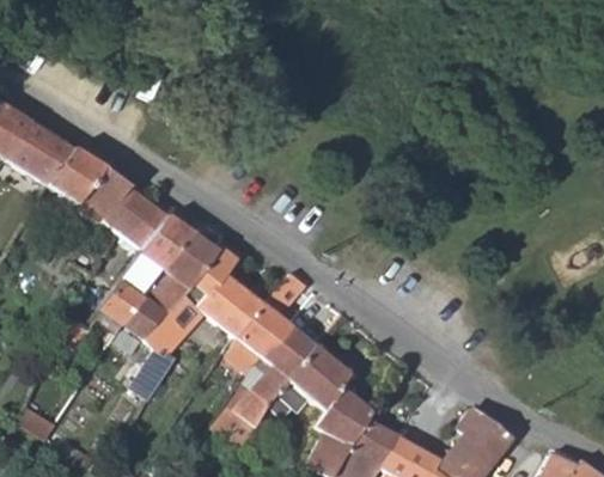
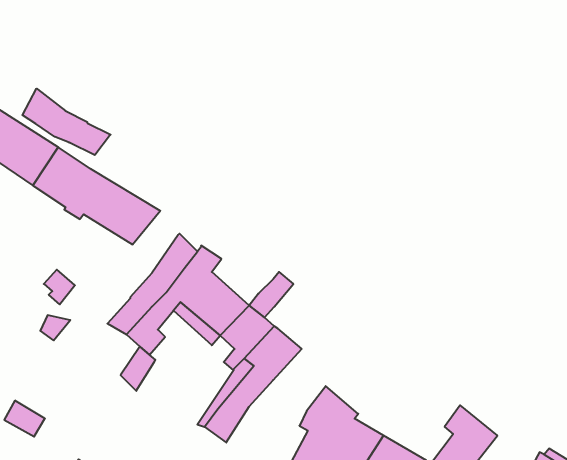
building: none -> [22,89,111,155]
building: [146,213,196,275] -> none
building: [97,276,147,325] -> none
building: [289,350,347,412] -> none

